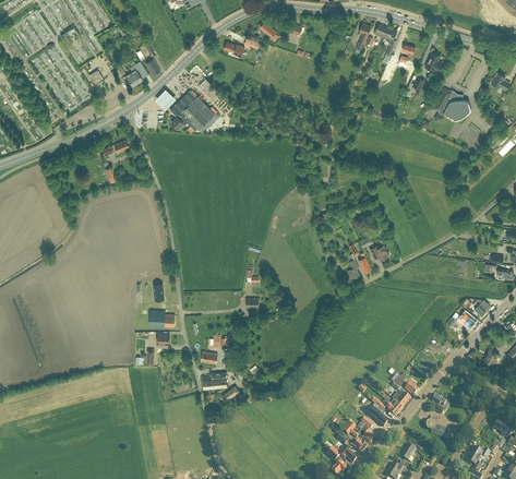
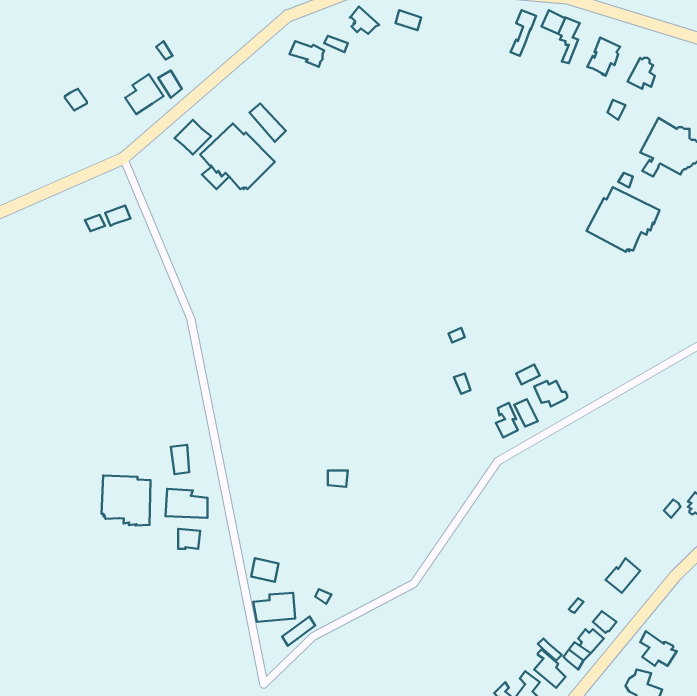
building: none -> [586,187,659,252]
building: none -> [101,475,150,525]

